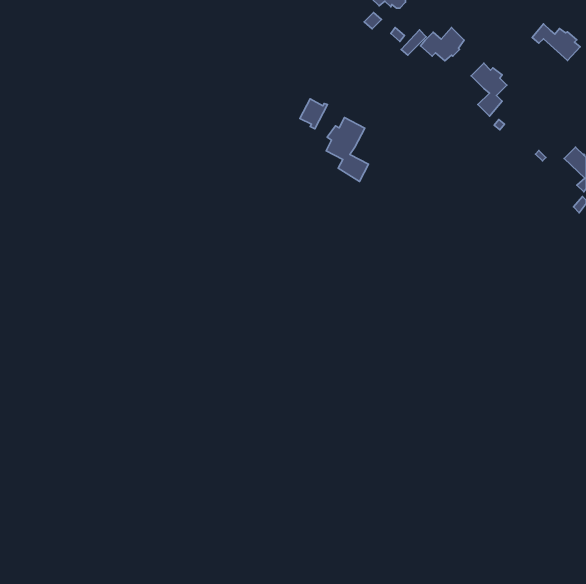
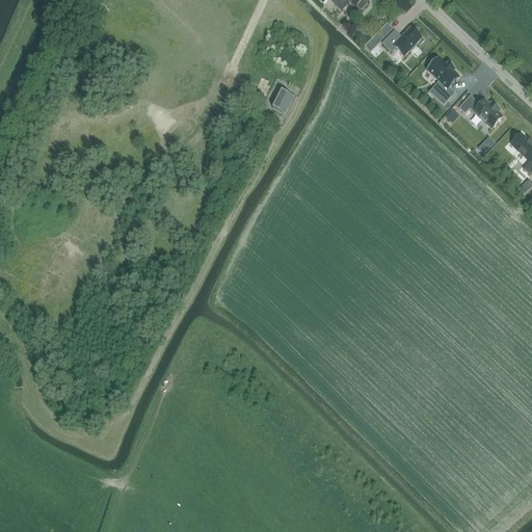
building: [532,24,580,61] -> [458,95,502,128]
building: [326,117,368,181] -> none

